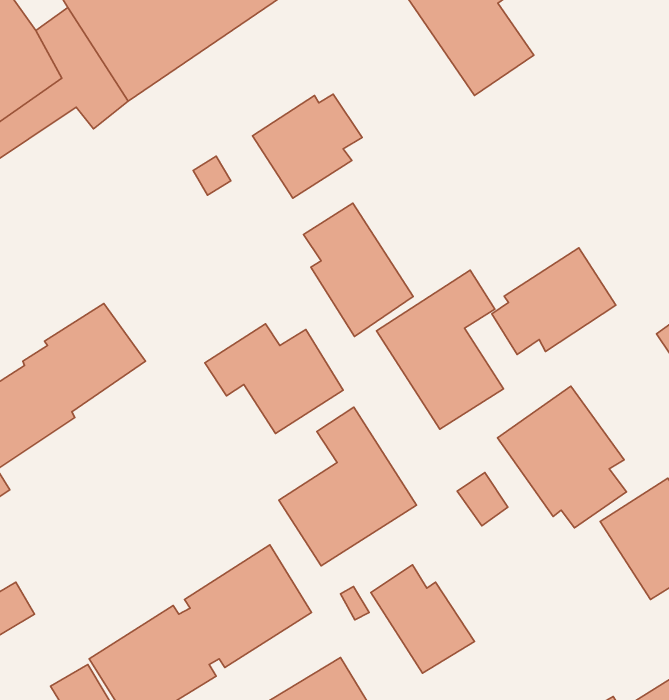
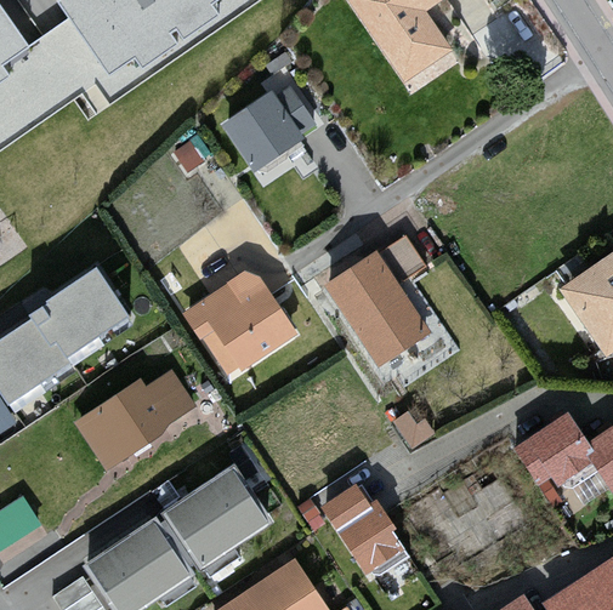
building: [304,203,413,336] -> none
building: [492,248,616,354] -> none
building: [498,386,626,528] -> none
building: [279,407,416,566] -> none
building: none -> [72,372,194,469]

